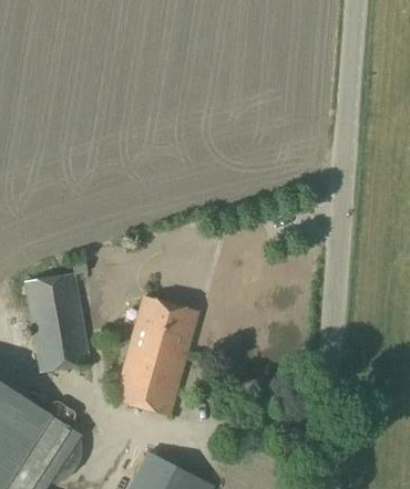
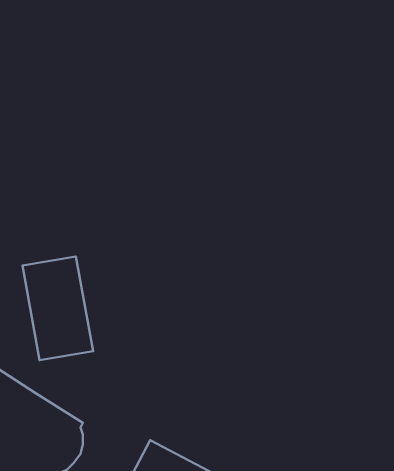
building: [115,299,198,417] -> none

